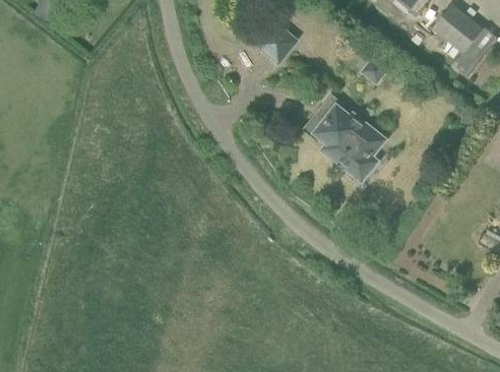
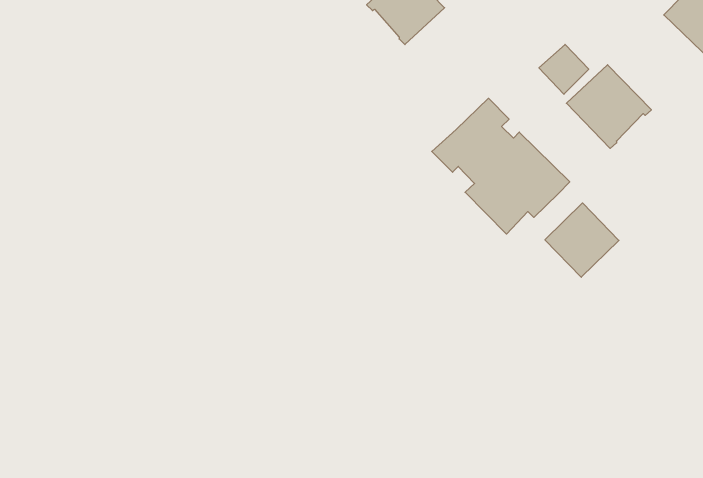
building: none -> [566,65,651,148]
building: none -> [545,203,619,277]

